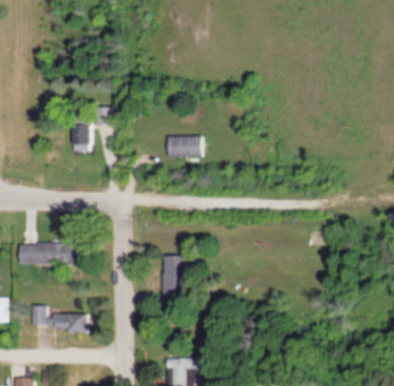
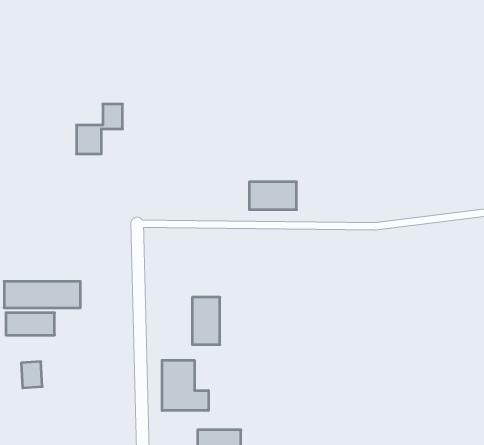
building: [167,136,203,157] -> [249,182,297,210]
building: none -> [162,360,208,411]
building: [51,314,88,331] -> [6,313,55,335]

